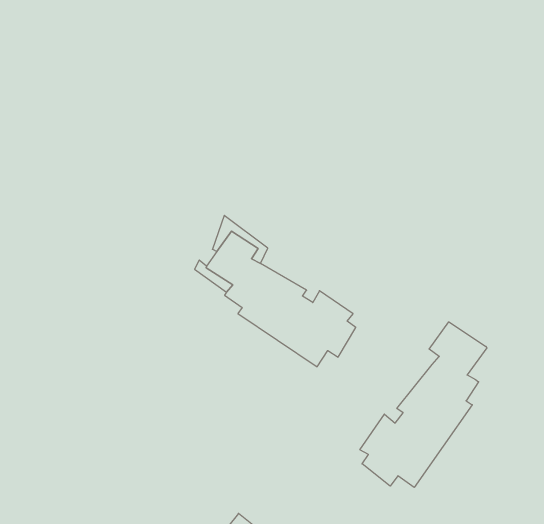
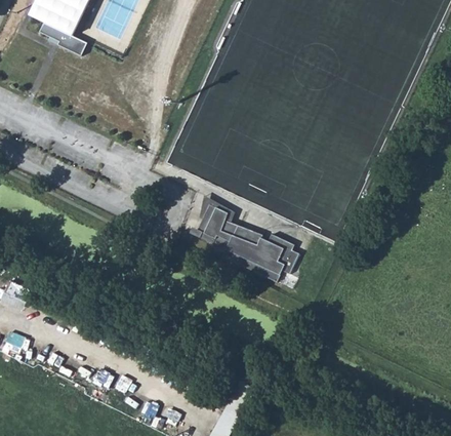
building: [360,322,487,487] -> none

